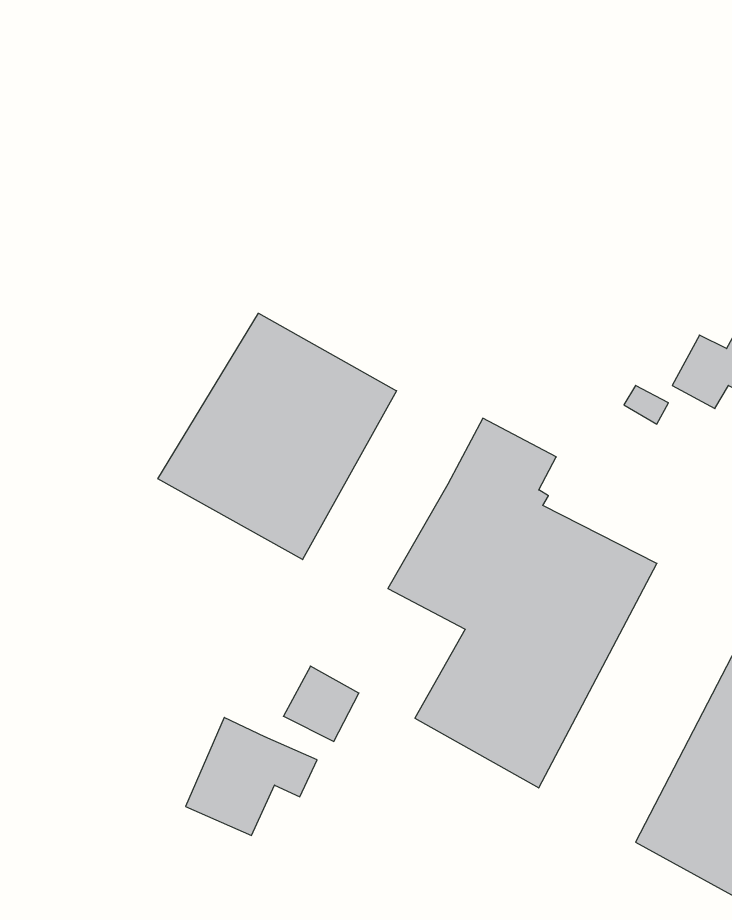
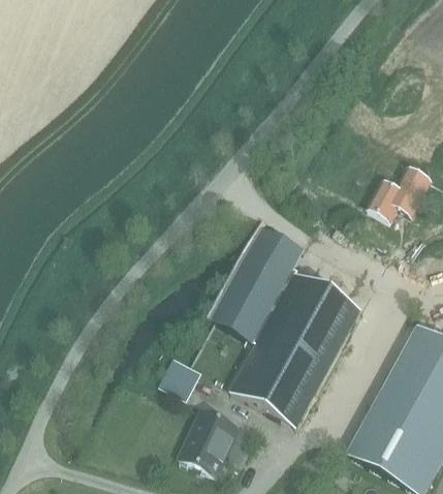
building: [158,313,397,560] -> none
building: [186,717,317,835] -> [182,408,252,471]

